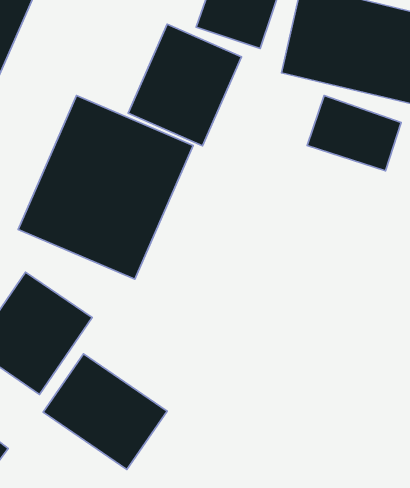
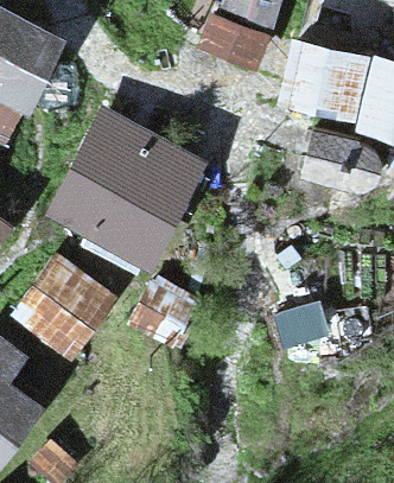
building: [128,24,242,146] -> none
building: [43,354,167,470] -> none

